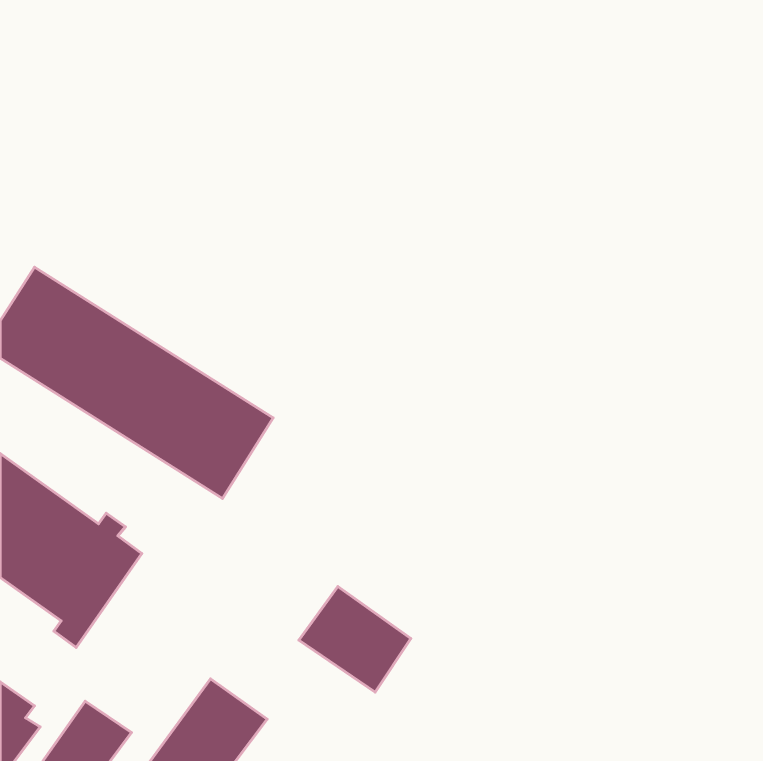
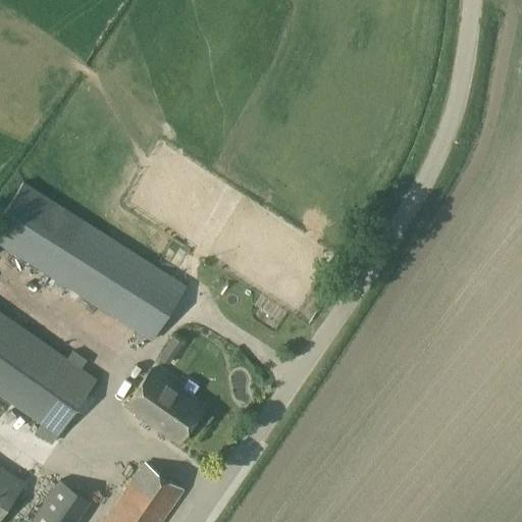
building: [299,586,411,692] -> [125,370,202,442]

